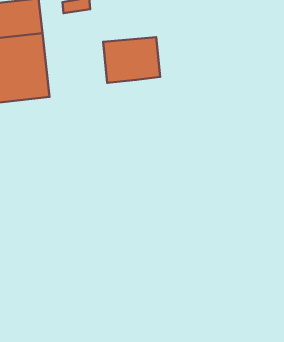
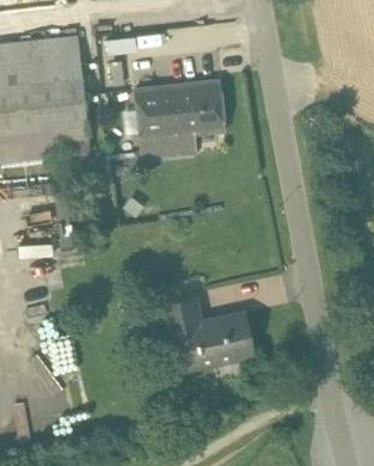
building: none -> [136,87,197,159]
building: none -> [163,298,251,366]

